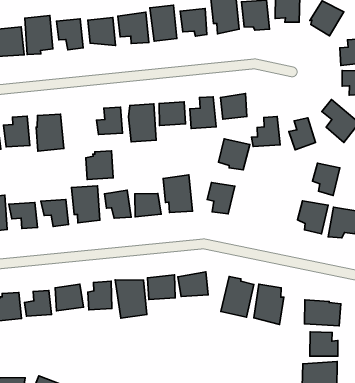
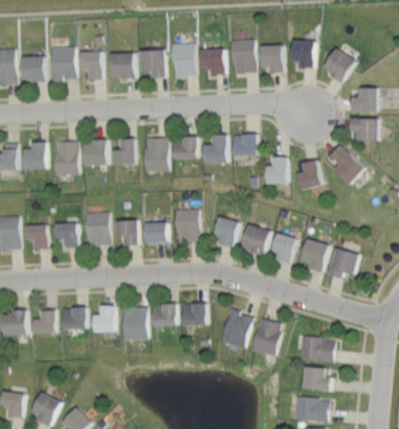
building: [218,139,250,170] -> [239,224,270,255]
building: [86,151,113,180] -> [82,141,108,167]
building: [312,163,340,195] -> [270,233,297,265]

